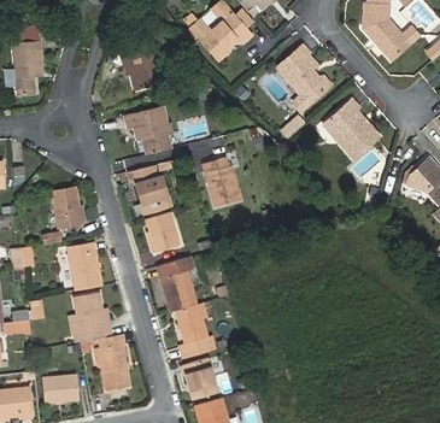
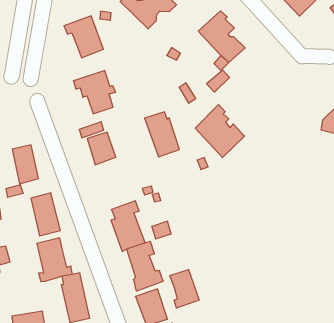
building: [318,101,374,161] -> [195,105,245,158]
building: [148,212,177,251] -> none
building: none -> [170,269,199,308]

